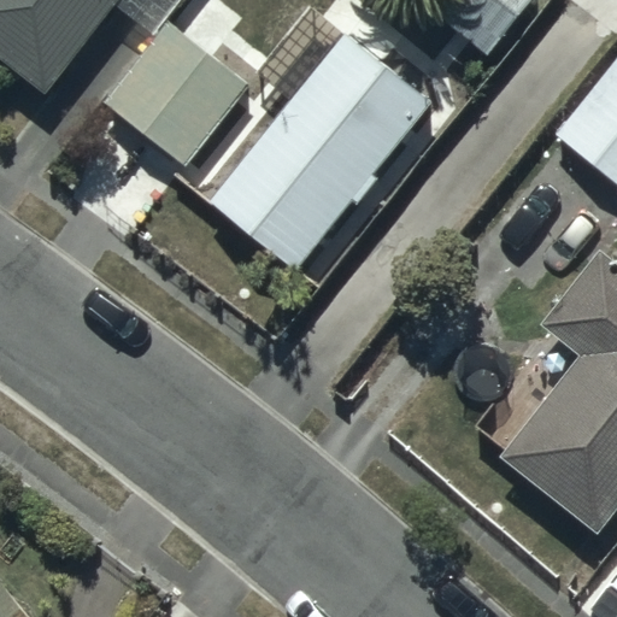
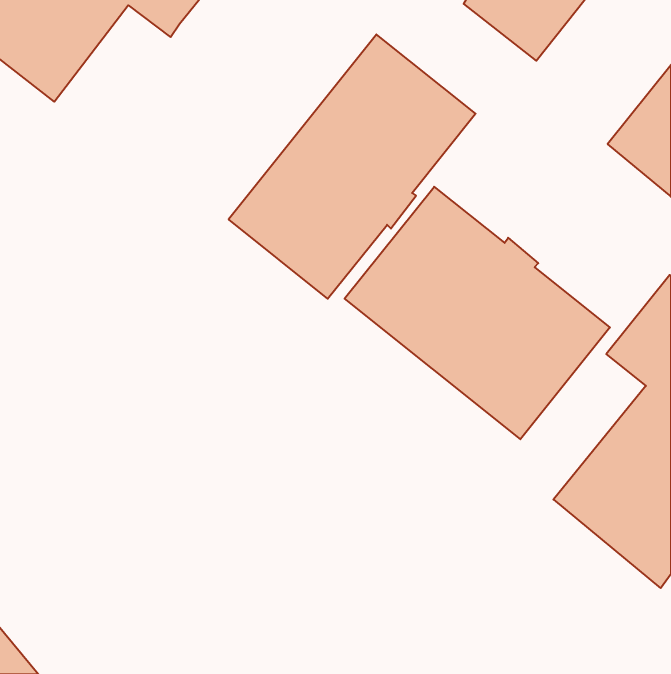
building: [105,22,247,163] -> none
building: none -> [345,187,610,439]

